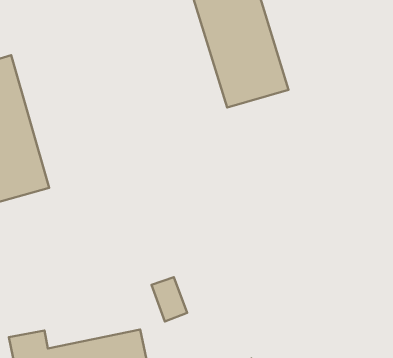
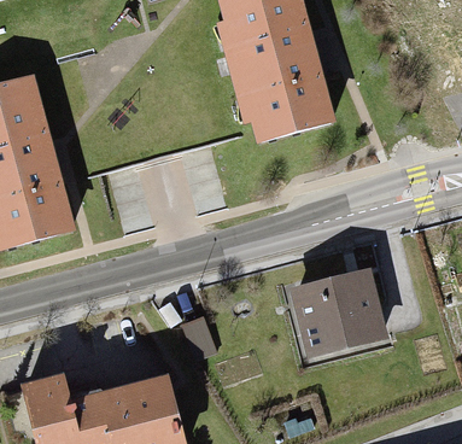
building: none -> [294,274,388,356]

